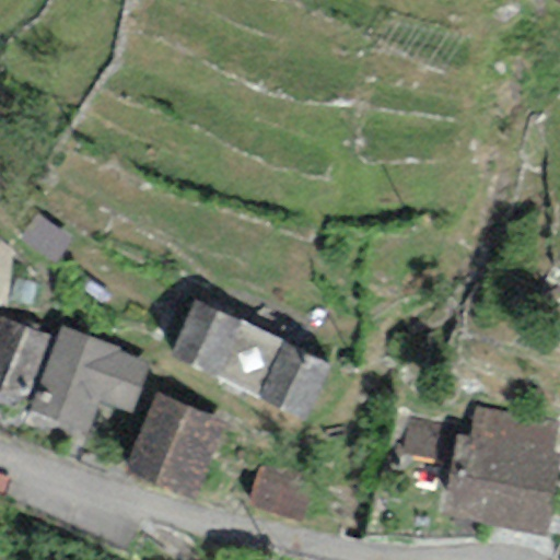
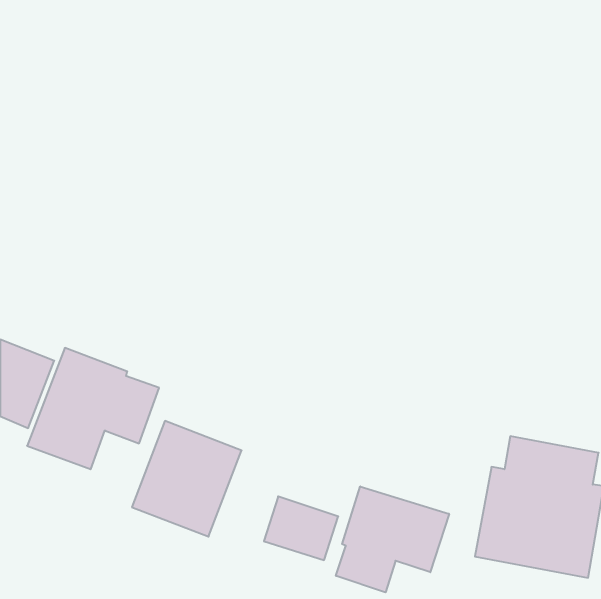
building: [168,299,330,418] -> none
building: none -> [336,486,449,592]

